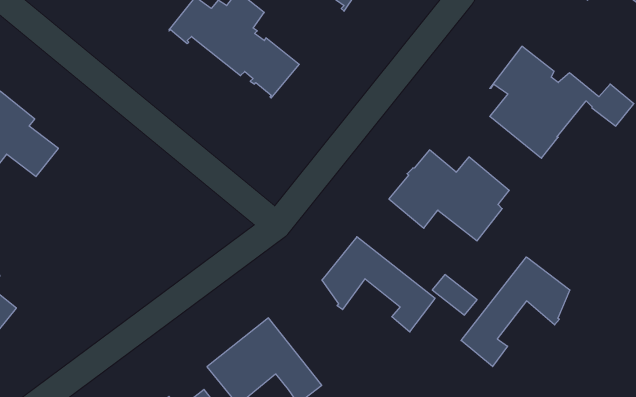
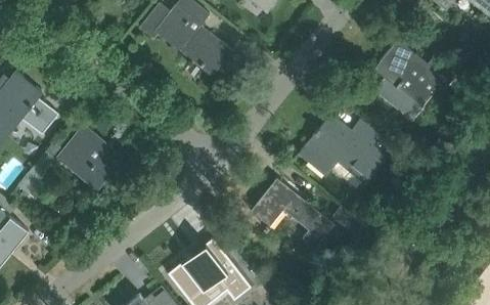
building: none -> [61,127,122,189]
building: [461,257,570,367] -> none

